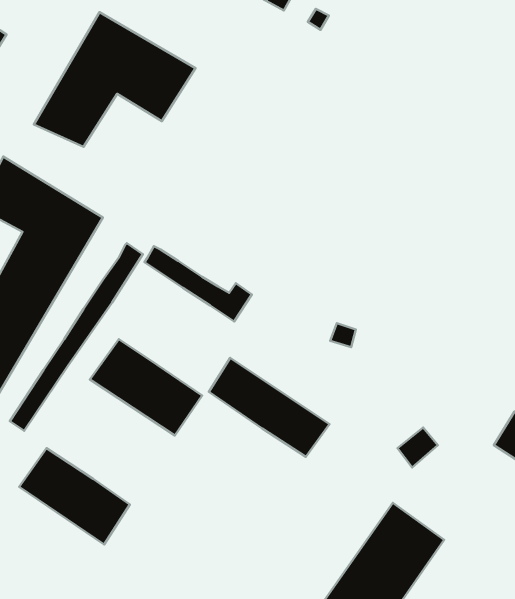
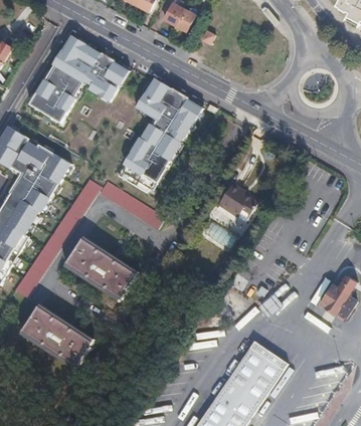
building: none -> [123,69,203,188]
building: none -> [218,183,260,217]
building: [209,358,329,457] -> none

